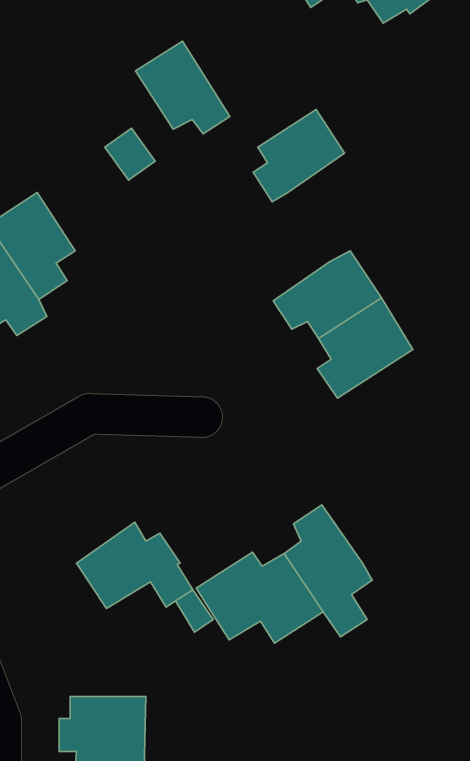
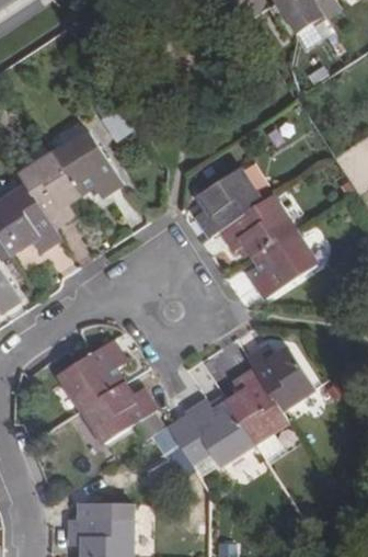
building: [135,41,230,134] -> [54,130,119,195]
building: [253,109,344,202] -> [194,169,257,234]
building: none -> [58,342,123,410]
building: none -> [246,348,311,410]

